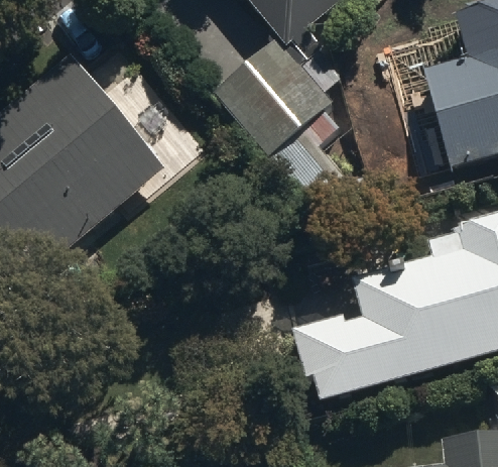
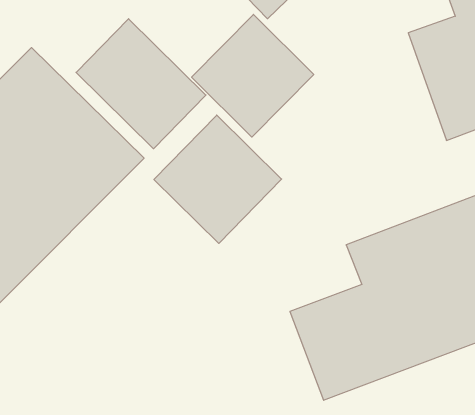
building: none -> [76,19,206,149]
building: none -> [154,115,282,243]

